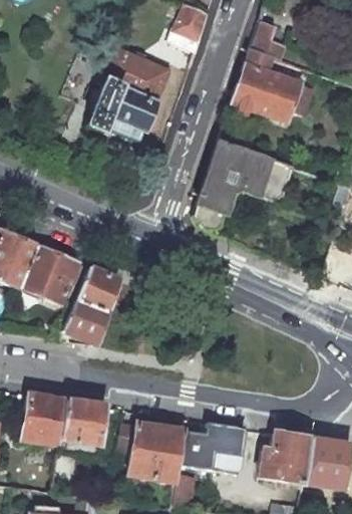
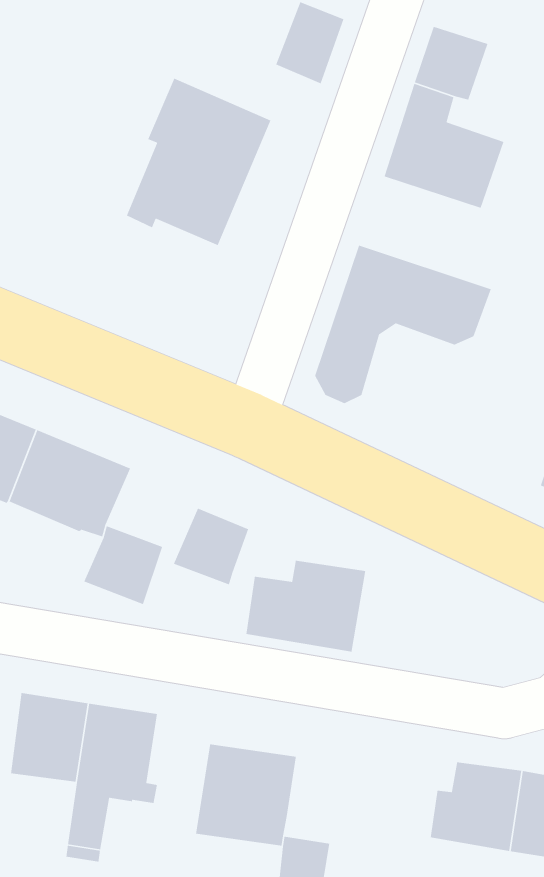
building: [76,266,119,310] -> [173,507,249,586]
building: [179,421,247,473] -> [245,560,366,652]

